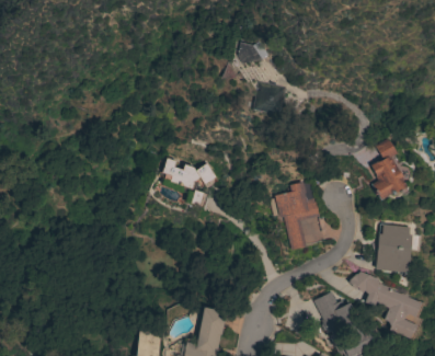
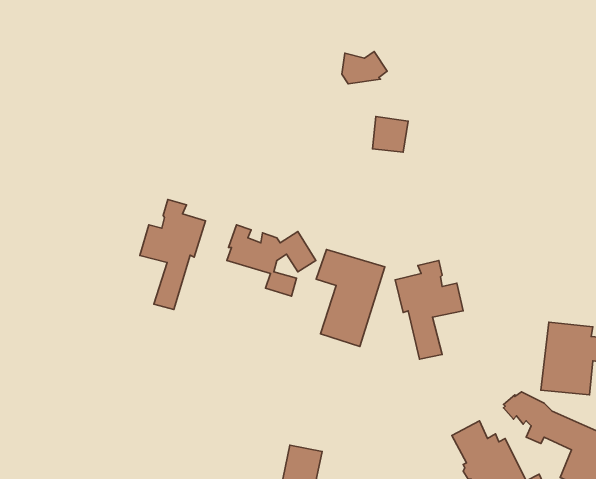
building: [369,139,407,200] -> none
building: none -> [140,199,206,309]
building: none -> [316,250,385,347]

